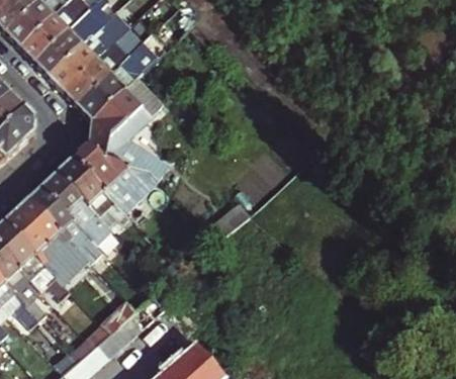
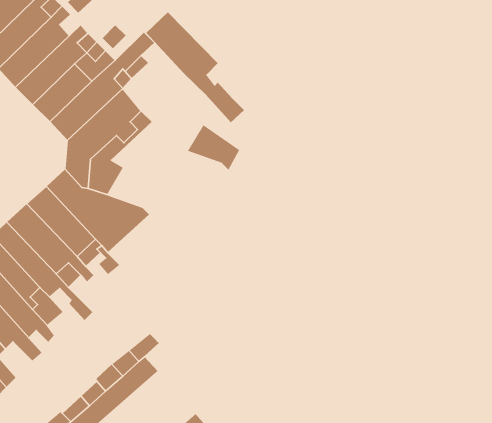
building: none -> [146,11,245,123]
building: [123,141,167,180] -> [187,124,240,171]

